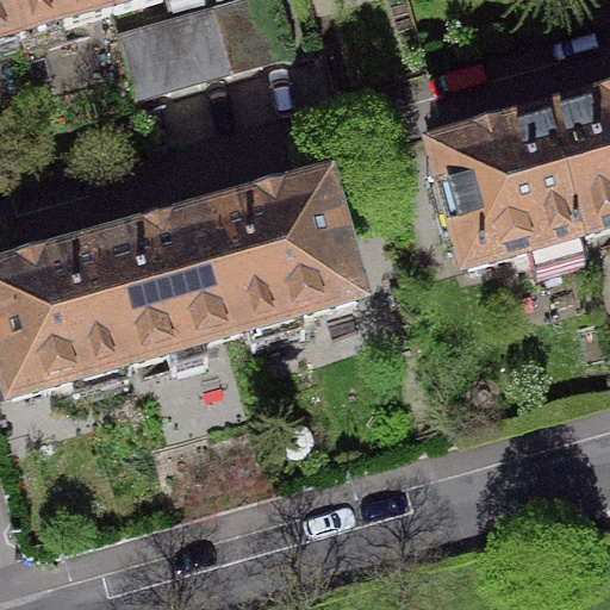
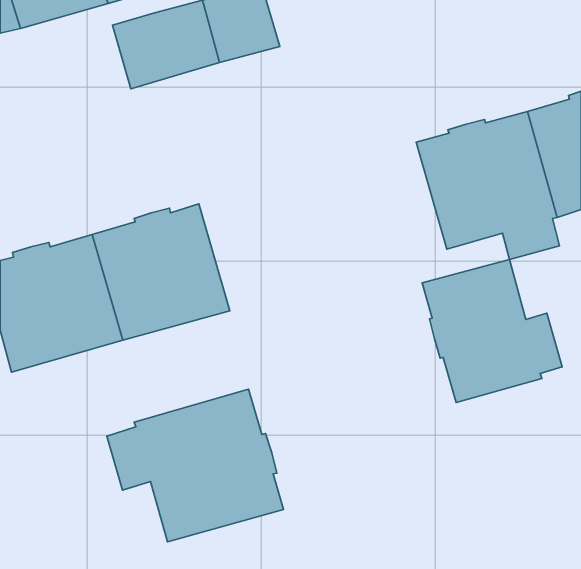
building: [208,181,356,325] -> none
building: none -> [422,259,562,402]
building: none -> [107,389,283,542]

